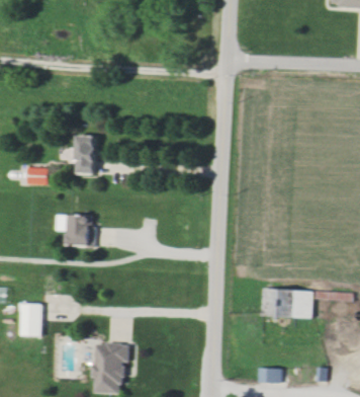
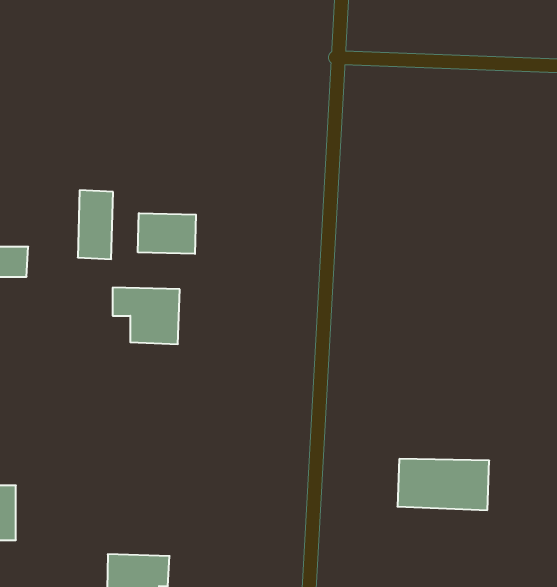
building: none -> [138,213,196,254]
building: [57,215,95,247] -> [113,288,180,344]

